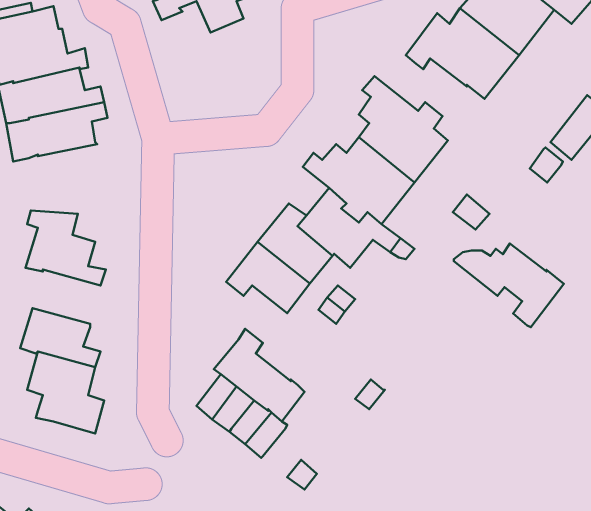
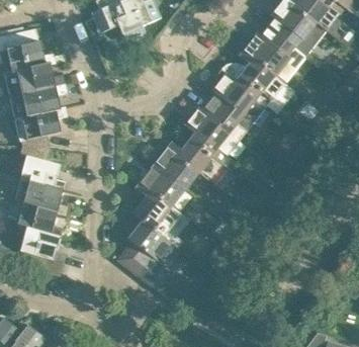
building: none -> [11,105,66,148]
building: [454,244,564,327] -> [220,58,284,106]
building: none -> [13,179,68,215]
building: none -> [130,189,188,247]

